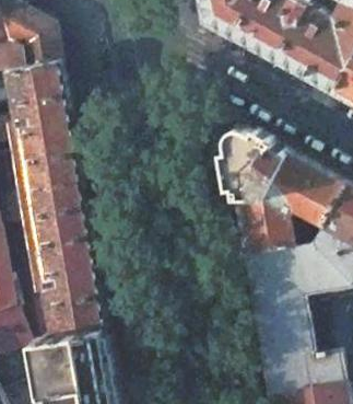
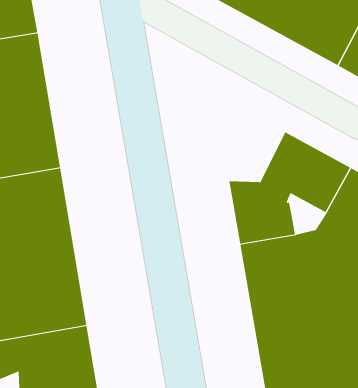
building: [225,129,285,198] -> none

